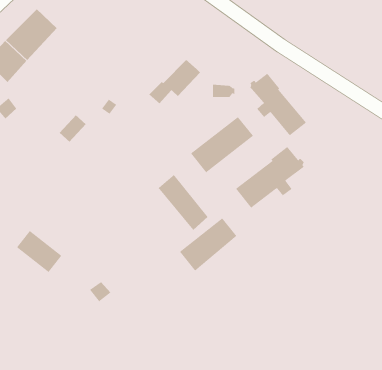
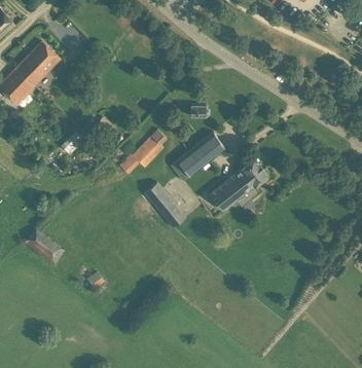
building: [149,59,201,104] -> [118,136,162,174]
building: [249,73,307,136] -> none
building: [179,218,237,271] -> none

